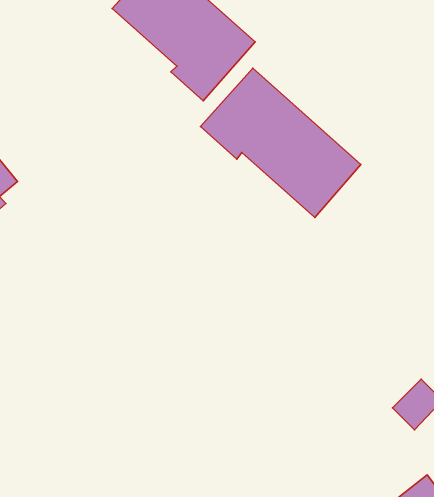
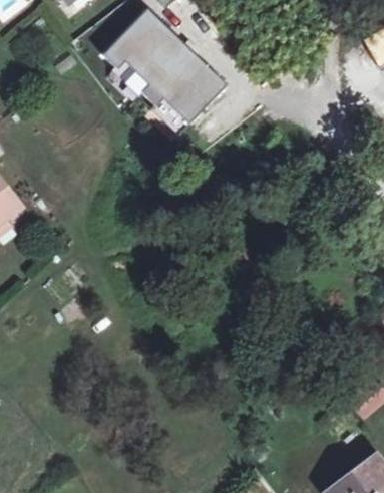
building: [200,68,361,218] -> none

